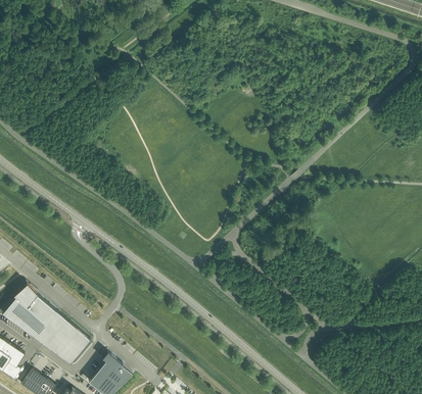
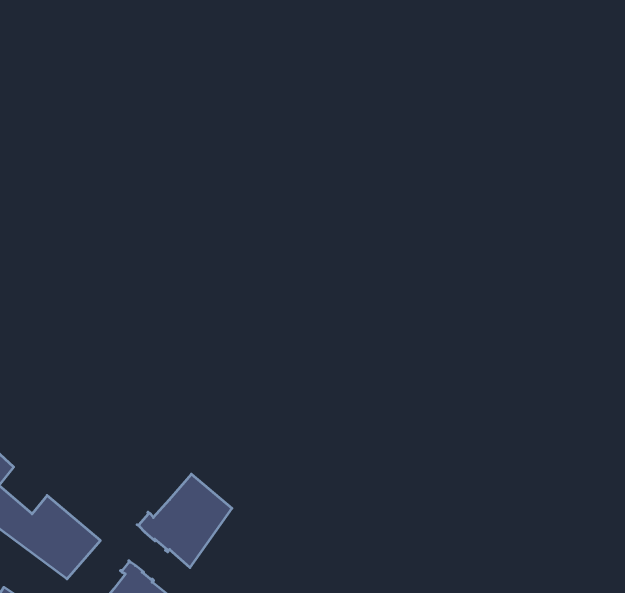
building: none -> [137,474,232,568]

